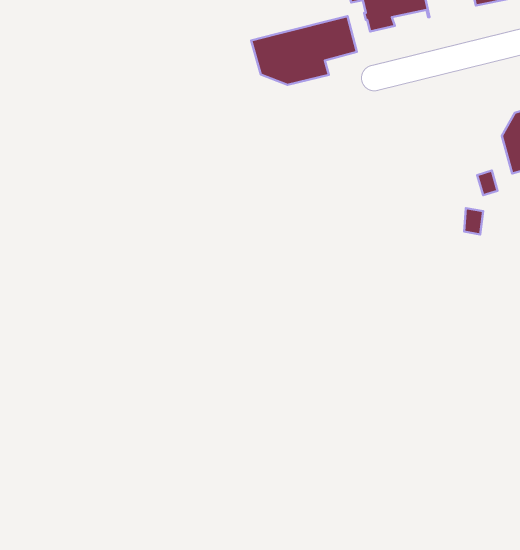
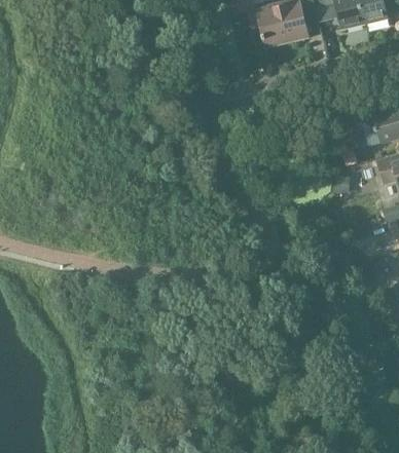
building: [251,16,357,85] -> none

